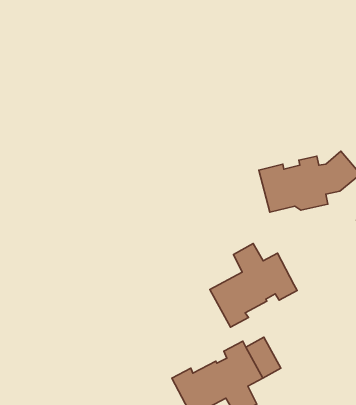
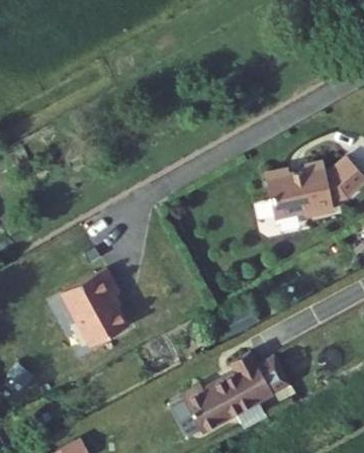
building: [210,244,297,327] -> none
building: none -> [63,268,128,348]

